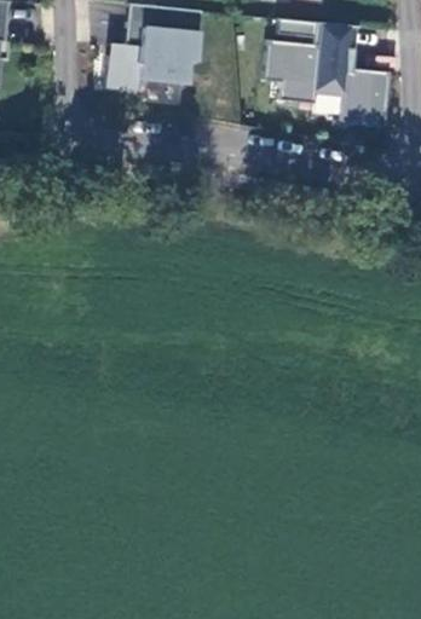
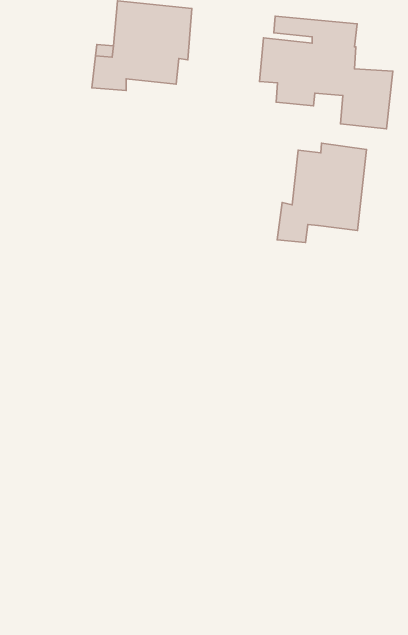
building: none -> [277,143,366,242]

